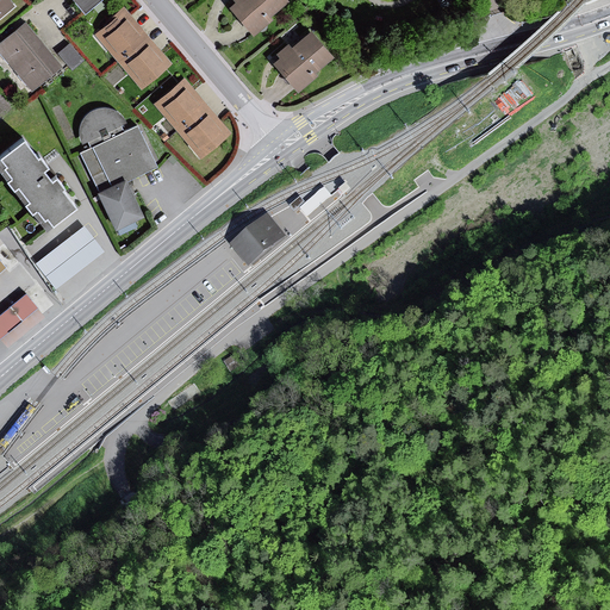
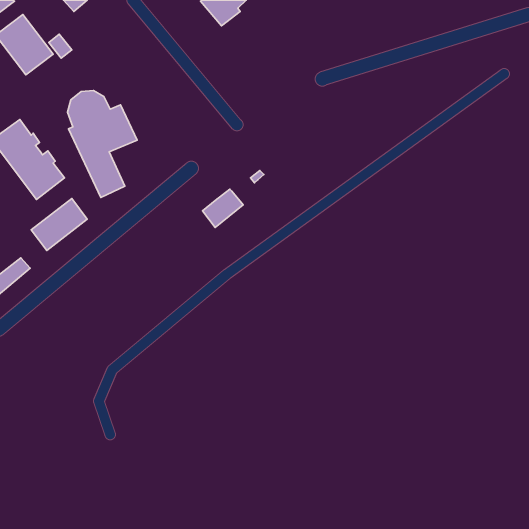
building: [95,7,172,86] -> none
building: [274,36,330,93] -> none
building: [154,82,228,160] -> none

